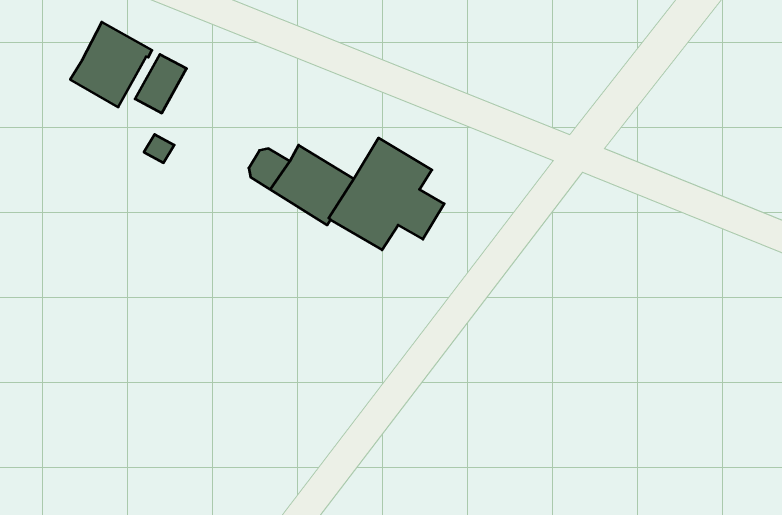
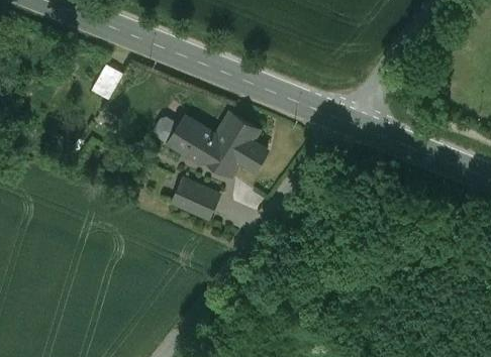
building: [70,22,152,107] -> none
building: none -> [173,181,218,219]

